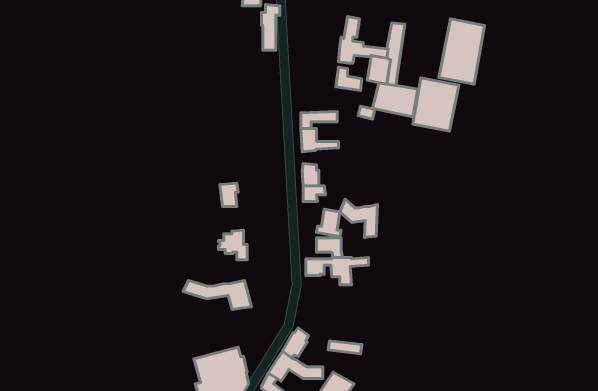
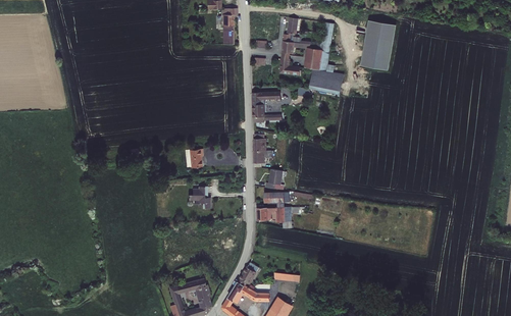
building: [413,78,459,131] -> none
building: [340,199,377,237] -> none
building: [183,280,251,310] -> none

